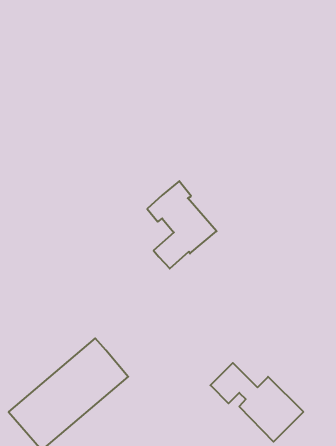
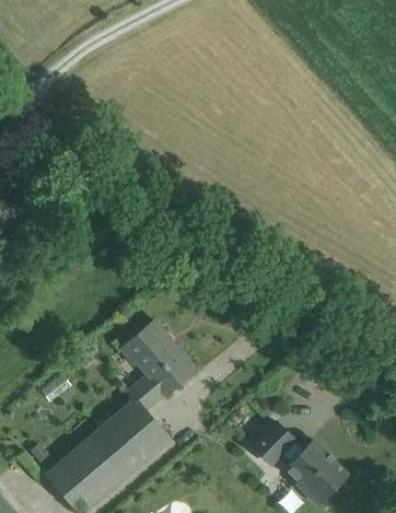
building: [147,181,217,269] -> [124,320,195,410]

